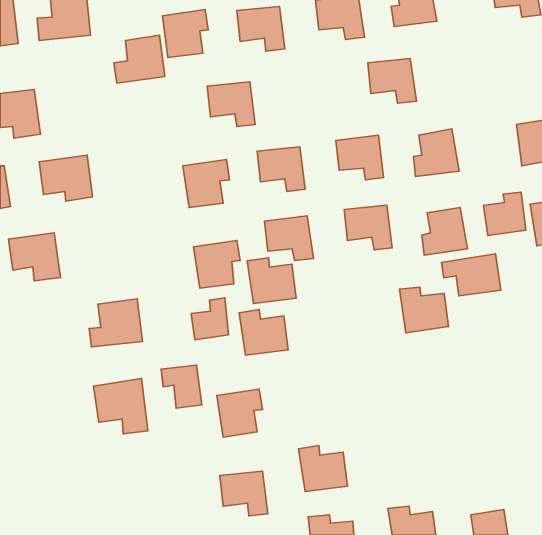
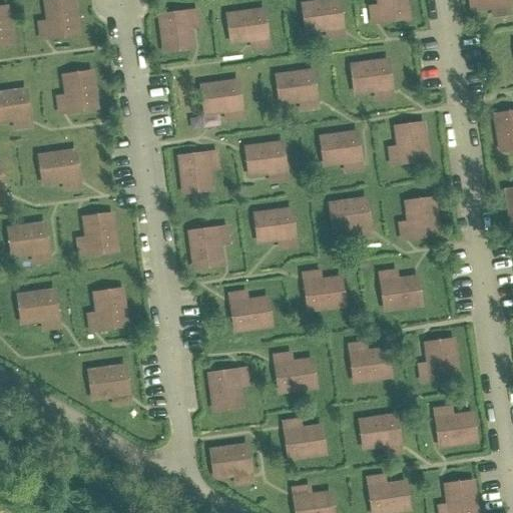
building: [114,35,165,83] -> [54,67,102,112]
building: none -> [276,67,321,109]
building: [484,192,526,236] -> none
building: none -> [75,208,125,255]
building: [442,254,501,296] -> none
building: [247,258,296,303] -> [302,270,348,313]
building: [191,298,229,340] -> none
building: none -> [17,283,69,331]
building: none -> [421,338,464,383]
building: [161,365,202,408] -> none
building: none -> [348,345,394,388]
building: none -> [274,353,320,396]
building: none -> [436,408,481,451]
building: none -> [360,413,406,456]

